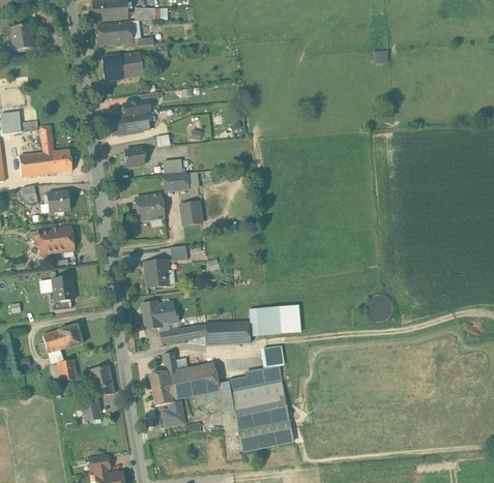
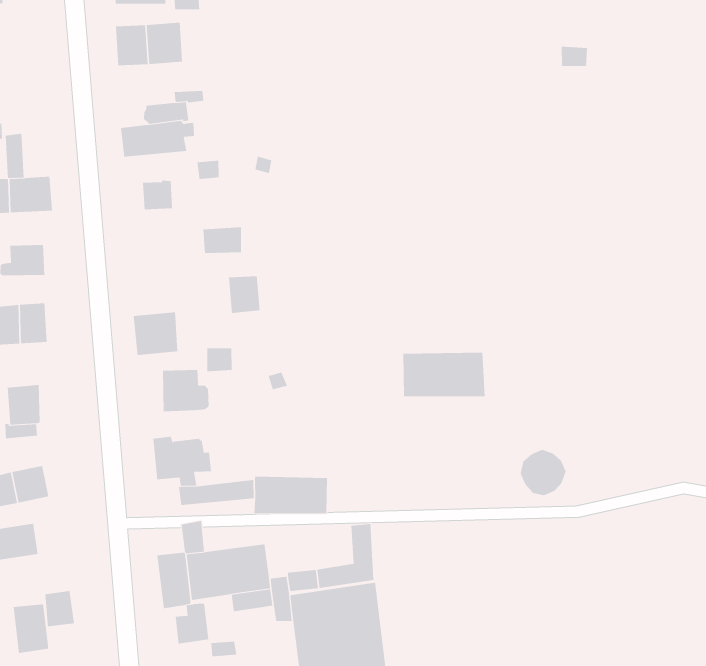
building: [135,192,164,220] -> [133,312,178,356]
building: [249,304,300,334] -> [403,352,485,397]
building: [90,365,114,396] -> [13,604,49,654]

